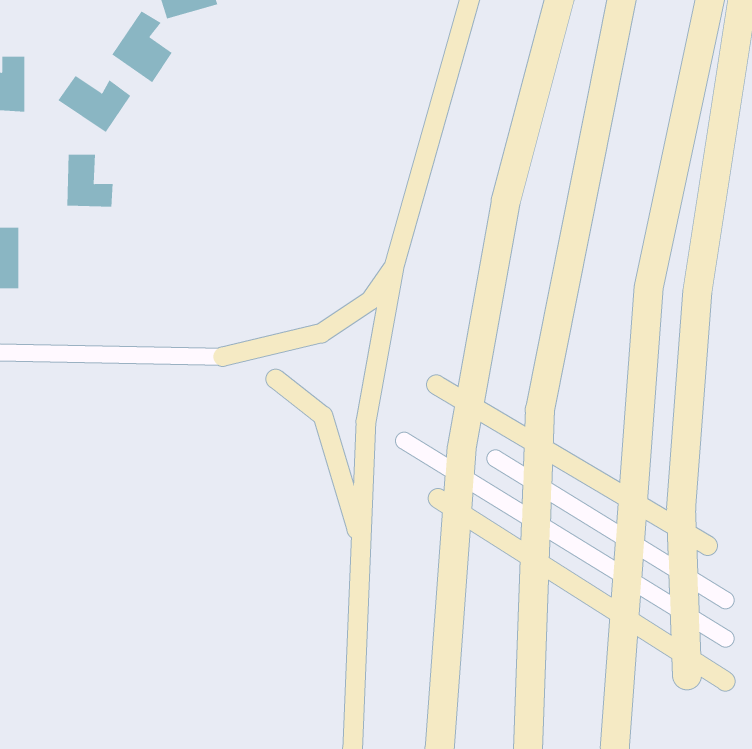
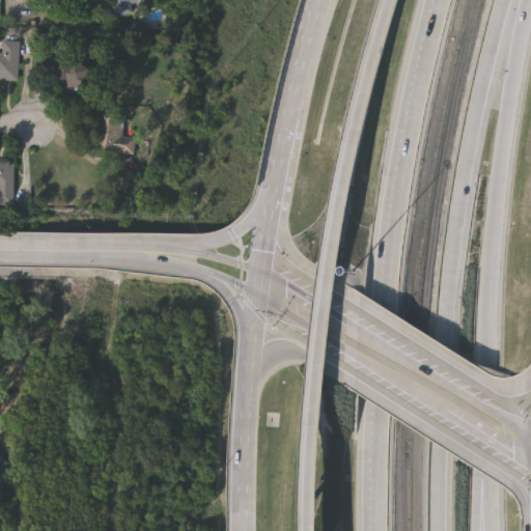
building: [111,10,172,83] -> none
building: [66,154,114,207] -> [103,115,136,152]

